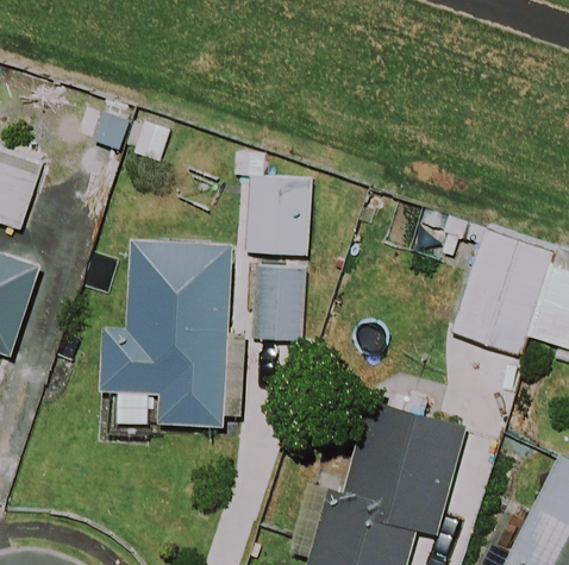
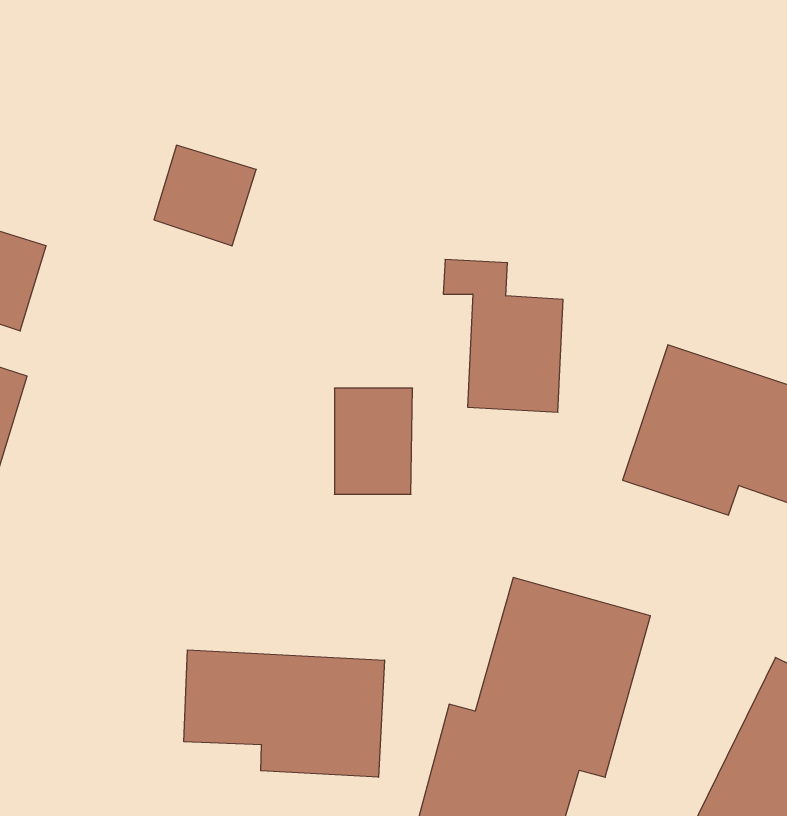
building: [225,152,307,257] -> [443,259,563,412]
building: [118,239,243,428] -> none
building: none -> [184,650,384,777]

